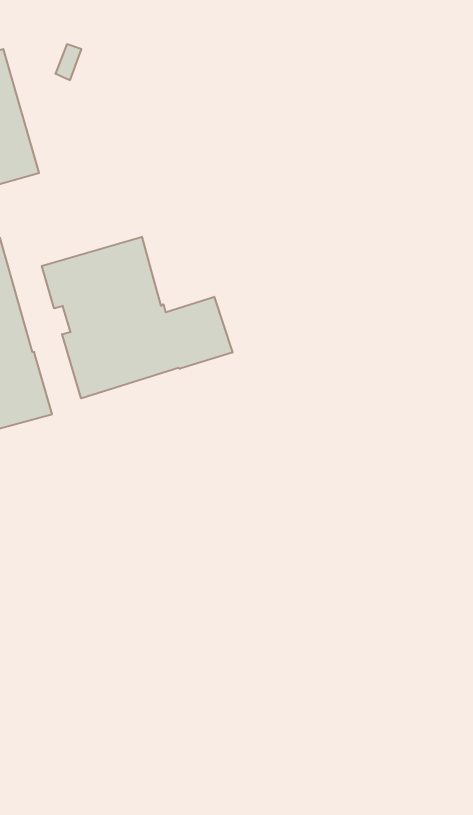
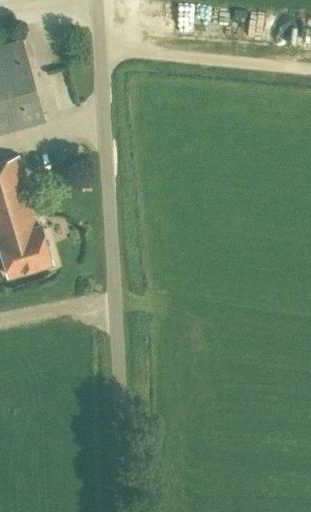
building: [42,237,233,398] -> none

